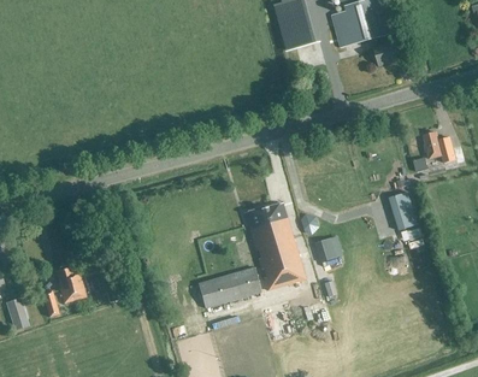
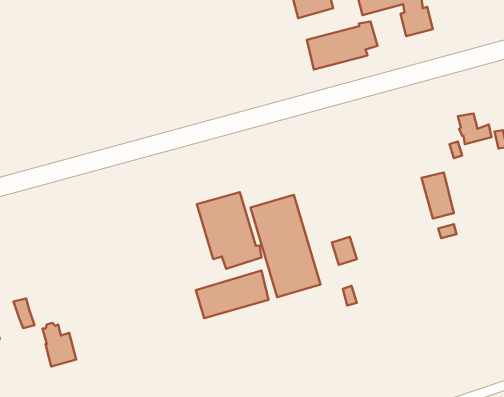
building: none -> [307,22,378,69]
building: none -> [197,192,262,269]
building: [57,266,85,304] -> [43,323,76,366]

